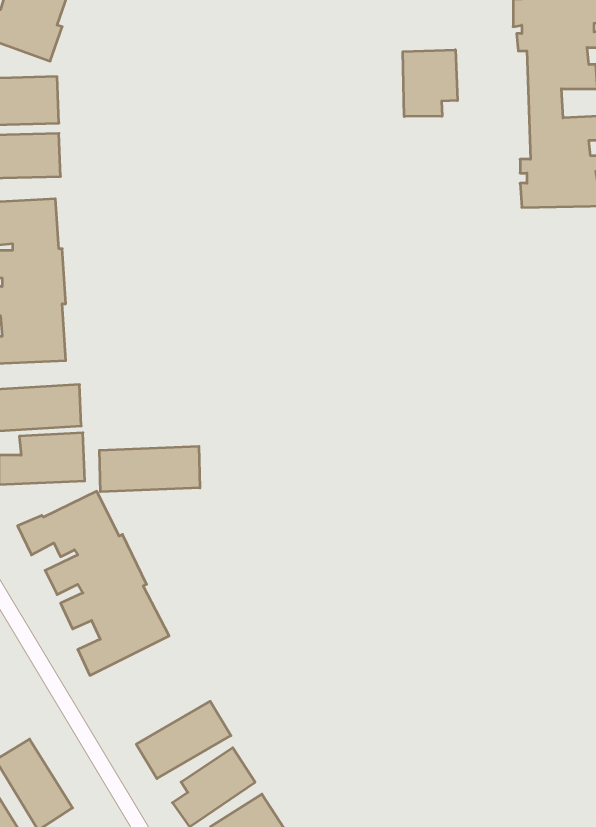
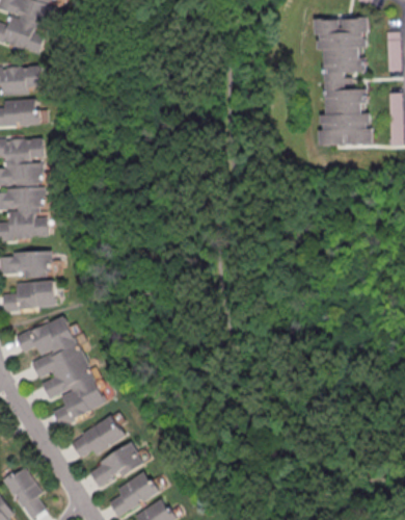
building: [403,50,457,117] -> none
building: [99,446,200,492] -> none
building: none -> [72,414,127,462]

